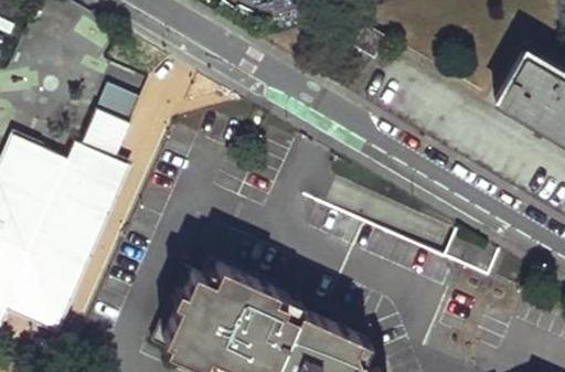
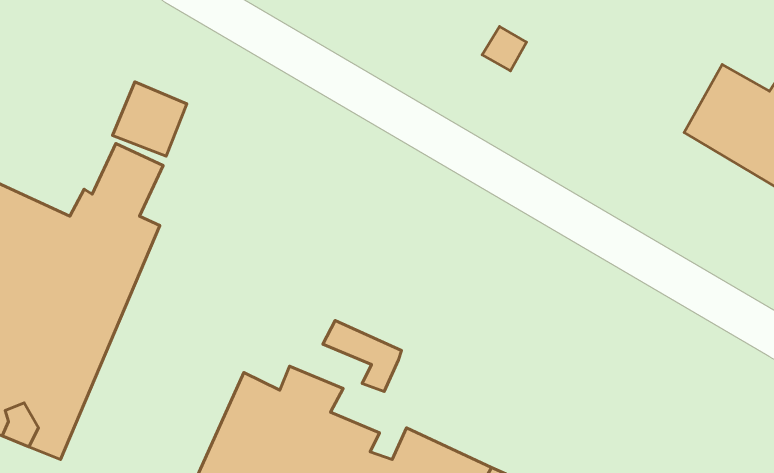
building: [248,284,303,333] -> [323,320,402,391]

